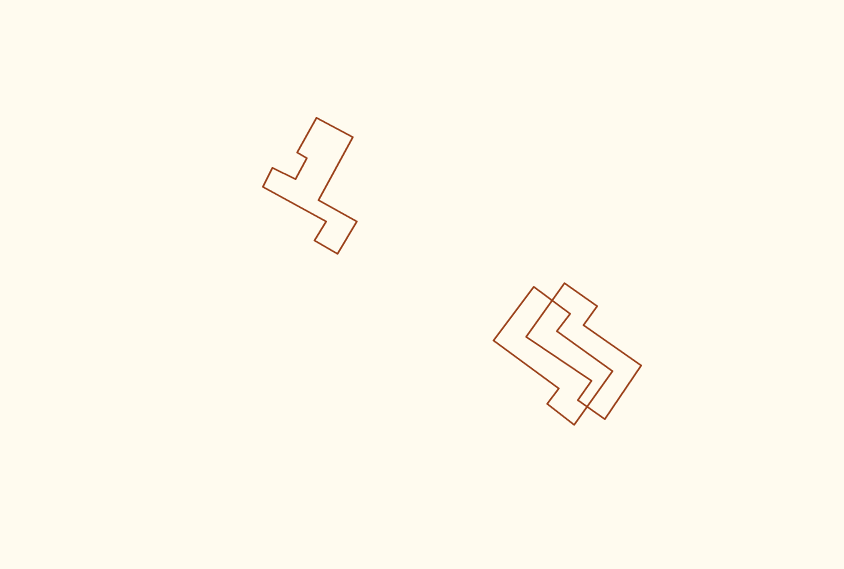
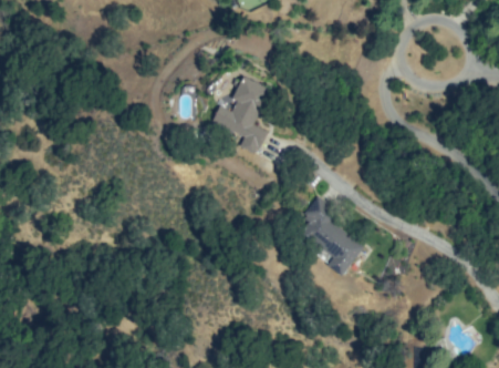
building: [263,118,357,254] -> [217,73,271,152]

